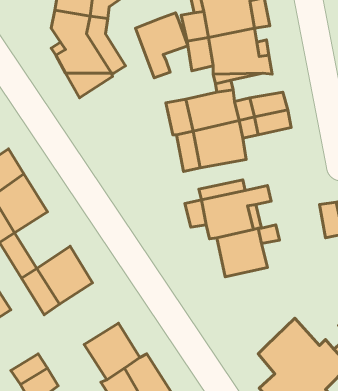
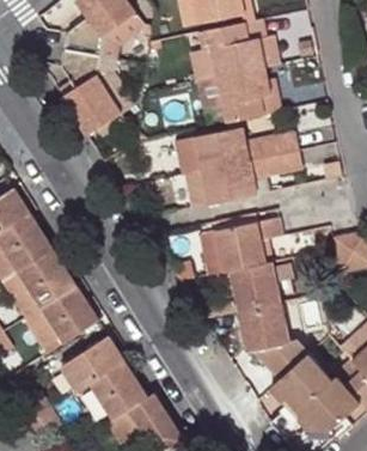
building: [135,13,188,78] -> none
building: none -> [22,248,78,305]
building: none -> [234,304,305,383]
building: none -> [63,335,127,390]

